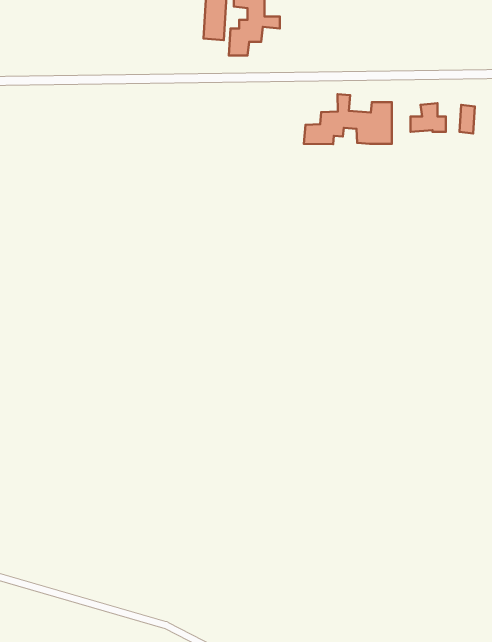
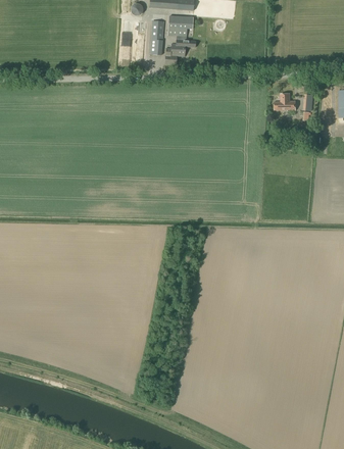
building: [304,94,392,144] -> none

